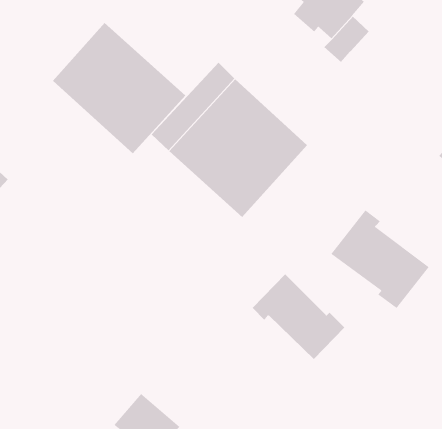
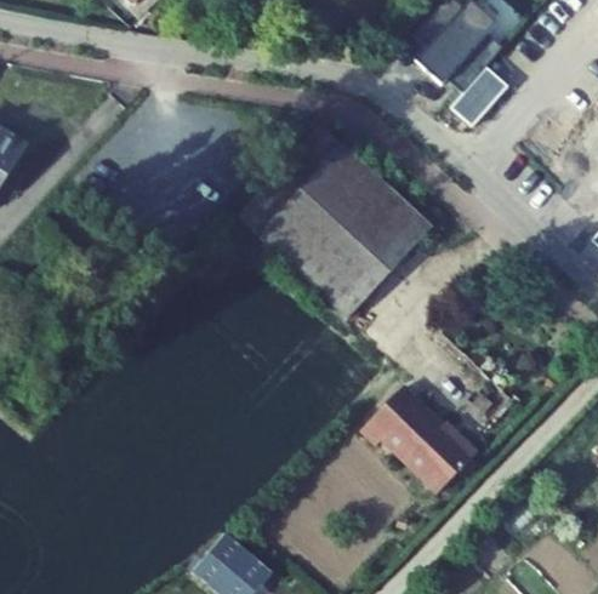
building: [52,22,186,154] -> none
building: [331,210,429,309] -> none

